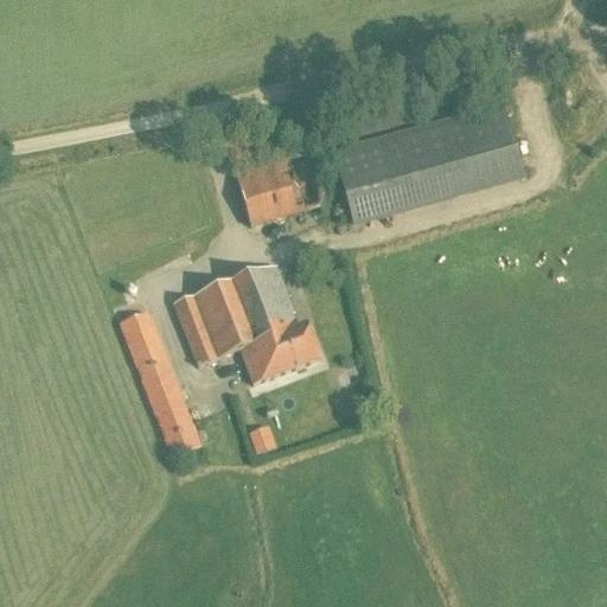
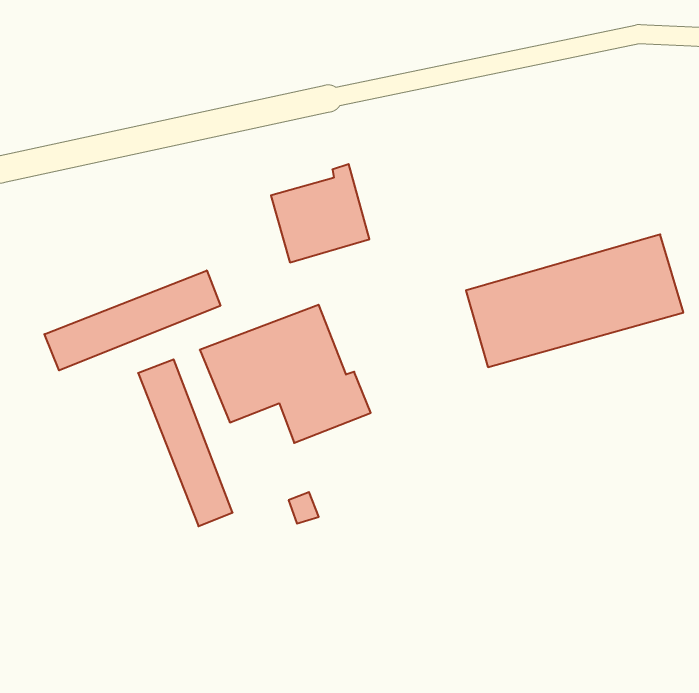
building: [334,104,523,219] -> [466,234,683,367]
building: none -> [44,270,220,370]

